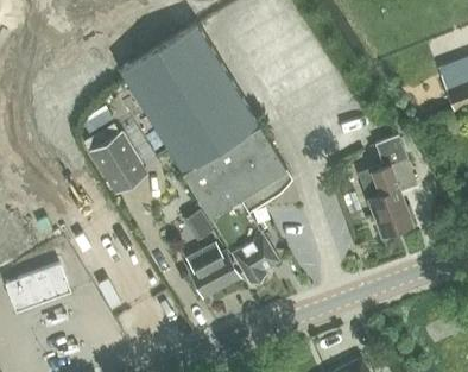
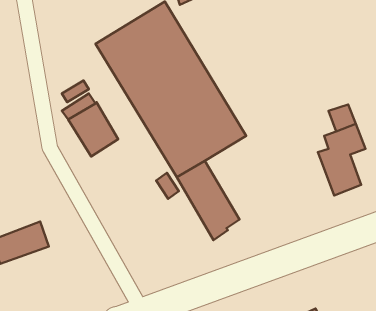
building: [186,244,241,298] -> none

